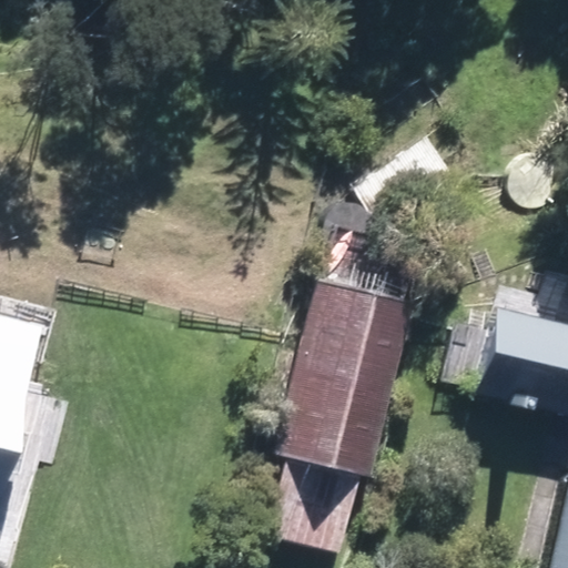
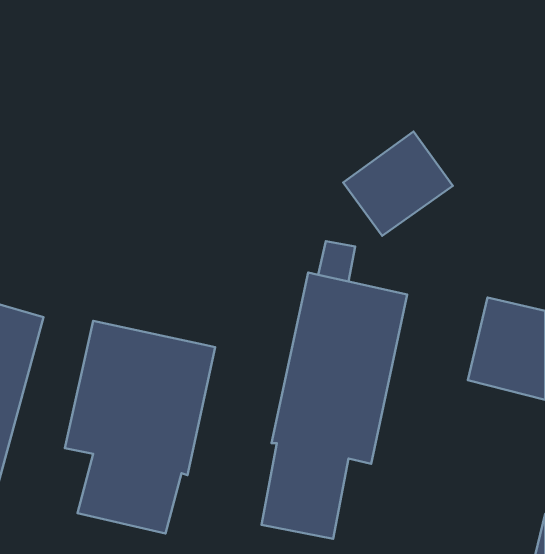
building: none -> [65,321,215,533]

